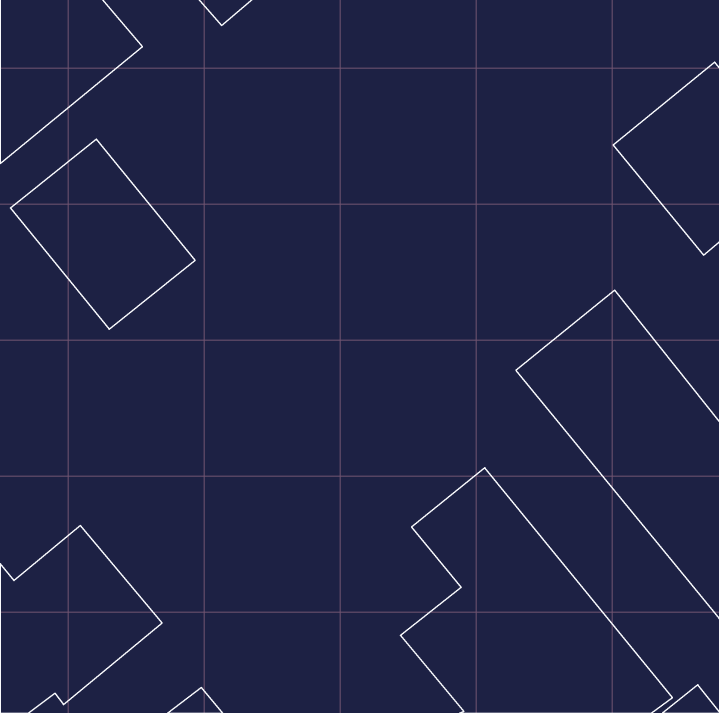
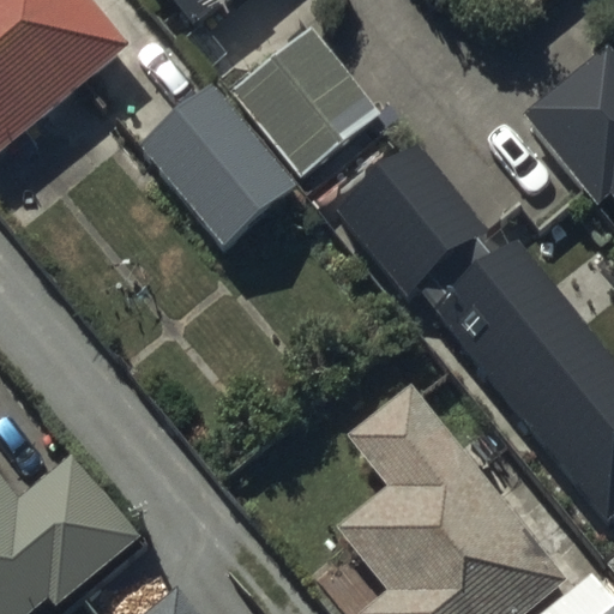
building: none -> [229,24,379,175]
building: [10,139,195,329] -> [137,80,294,242]
building: none -> [341,154,493,303]

